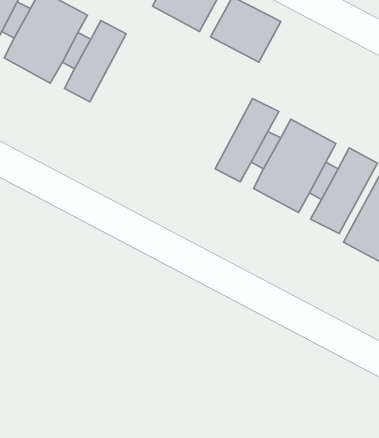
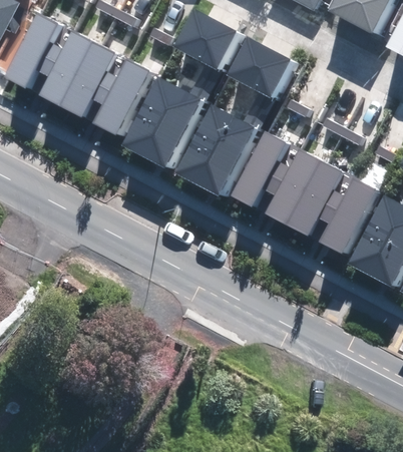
building: none -> [121,78,200,167]
building: none -> [175,106,253,195]

